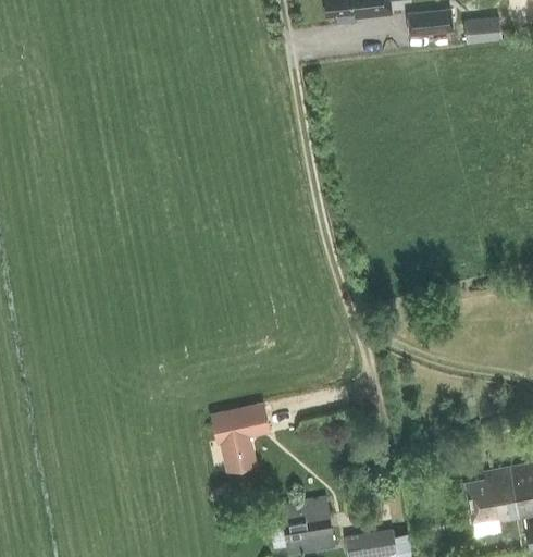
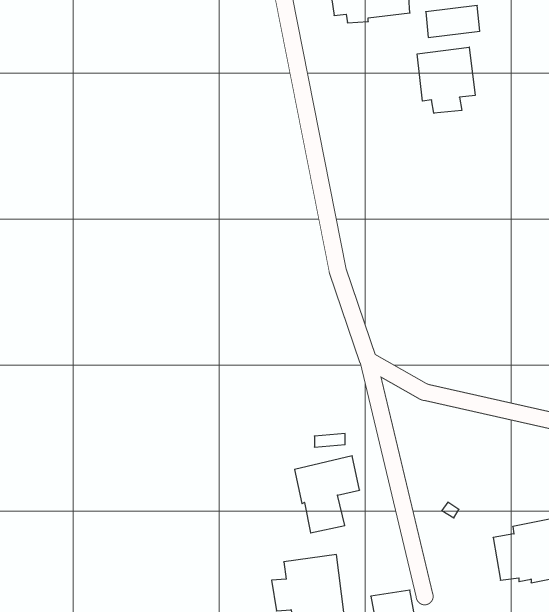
building: [464,16,503,44] -> none
building: none -> [417,47,475,113]
building: [212,403,270,471] -> [295,456,360,533]

